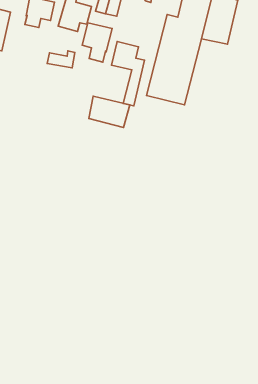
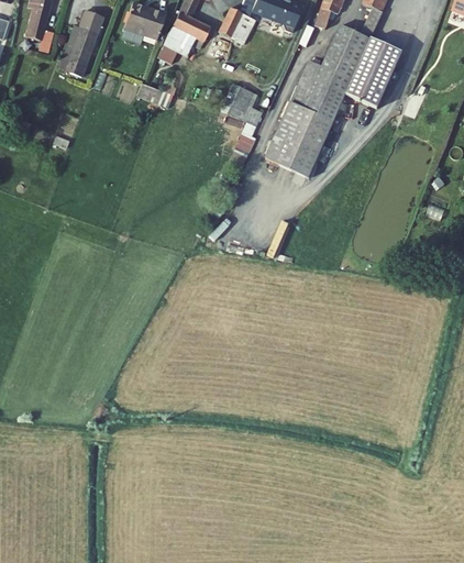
building: [82,23,112,62] -> none
building: [89,96,130,127] -> none

